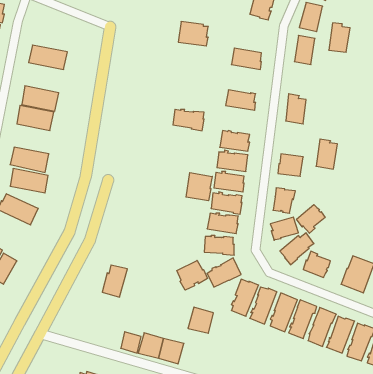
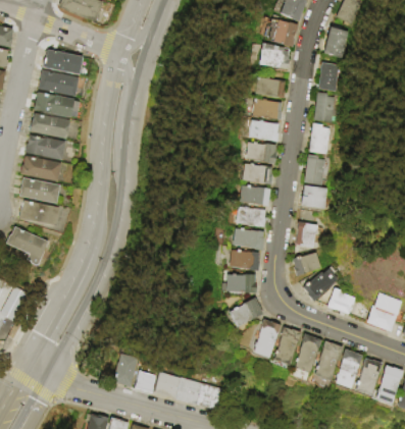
building: [178,22,208,46] -> [257,42,289,67]
building: [329,23,350,52] -> [313,93,336,123]
building: none -> [42,50,83,77]
building: none -> [34,94,81,119]
building: none -> [249,97,281,119]
building: [173,109,204,131] -> [243,141,275,163]
building: none -> [20,157,61,183]
building: [316,139,337,169] -> [304,155,326,186]
building: [186,173,212,201] -> none
building: [297,205,325,233] -> none
building: [177,260,208,290] -> none
building: [102,265,127,297] -> [113,356,140,389]
building: [188,307,213,333] -> [196,385,222,413]

